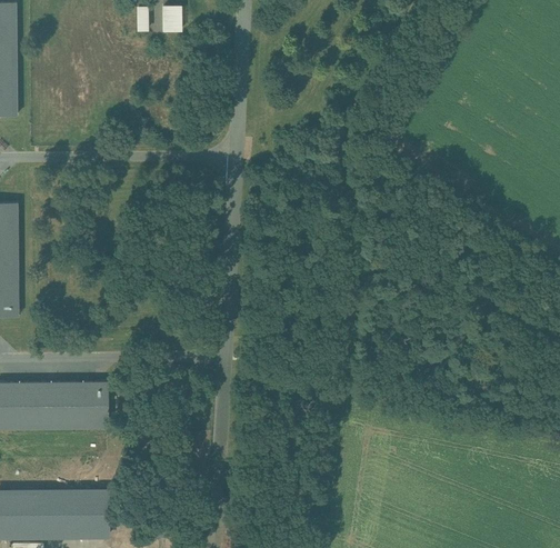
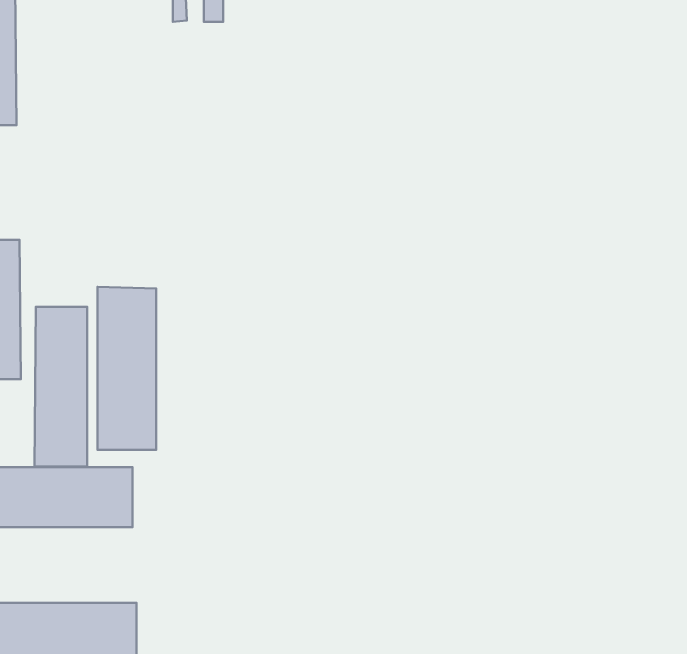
building: none -> [98,287,156,450]
building: none -> [35,307,87,466]

